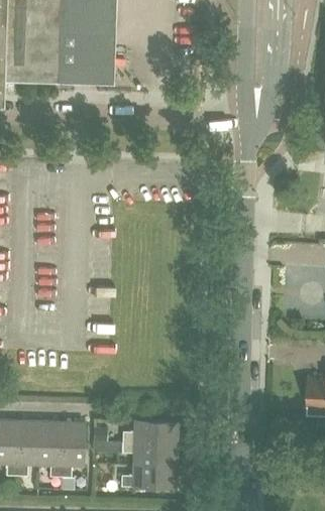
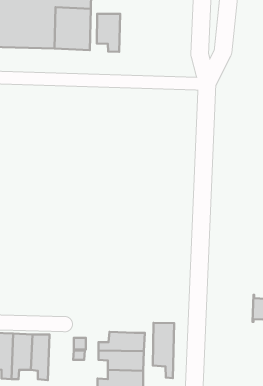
building: none -> [97,14,120,52]
building: none -> [153,323,174,378]
building: [62,423,85,478] -> none

